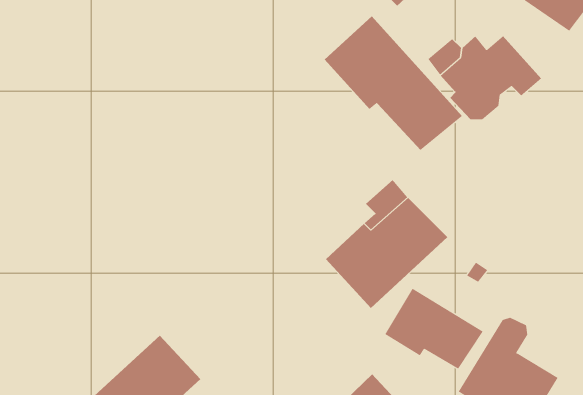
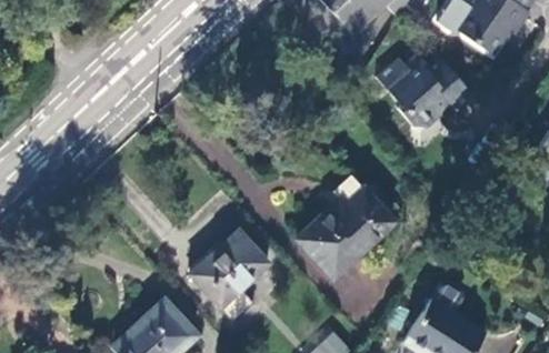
building: [324,15,463,151] -> none
building: none -> [191,231,267,320]
building: [384,288,483,369] -> none

